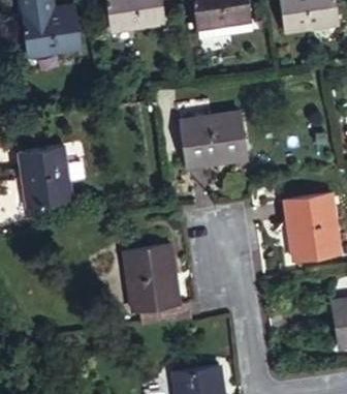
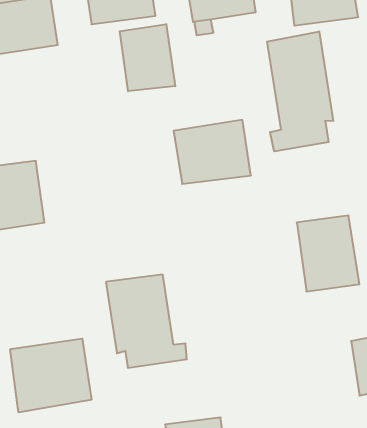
building: none -> [120,24,175,91]
building: none -> [267,31,333,151]
building: none -> [10,339,92,412]

